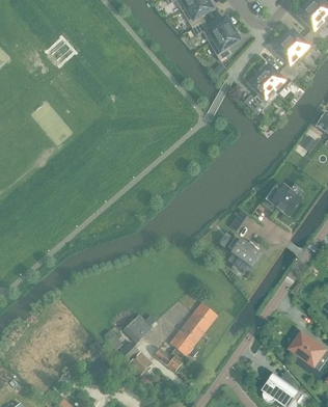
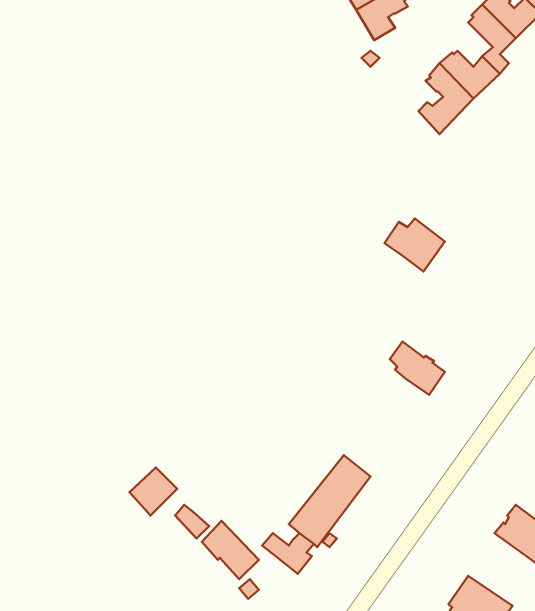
building: [266,185,301,216] -> [385,218,445,272]
building: [124,315,152,343] -> [129,468,177,515]

